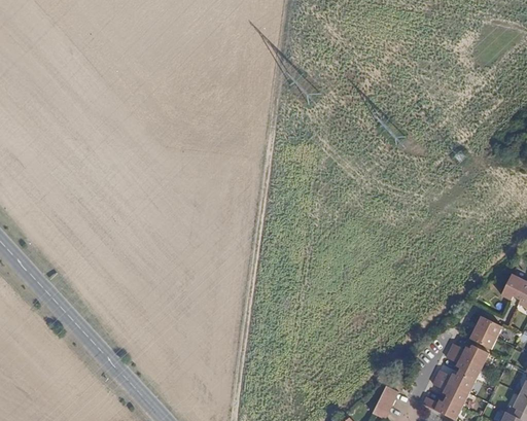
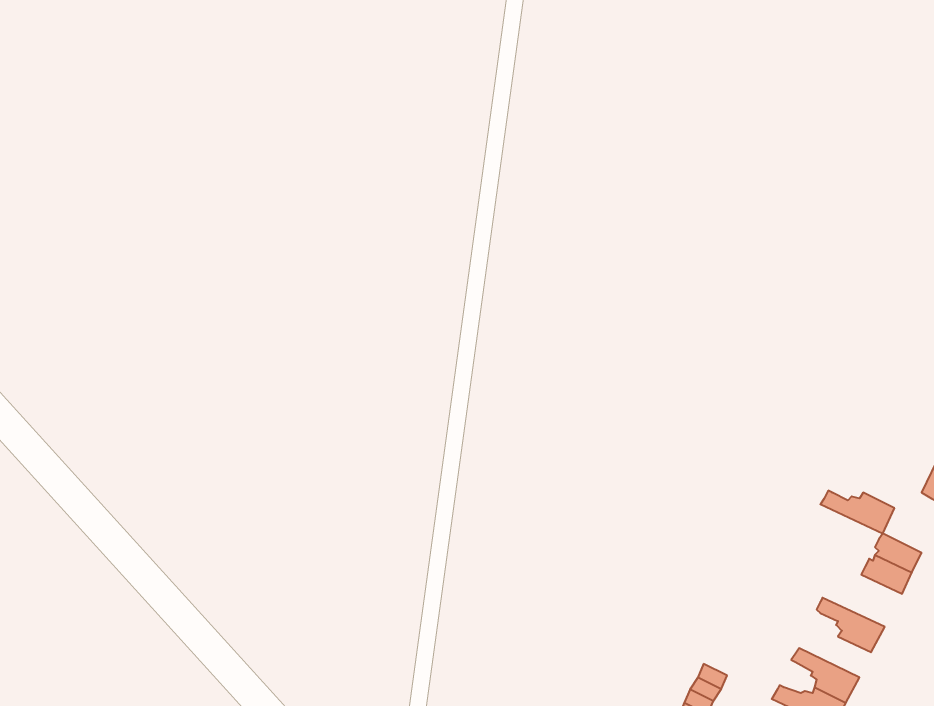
building: [449,343,488,365] -> [820,491,894,533]
building: [436,370,475,392] -> none

